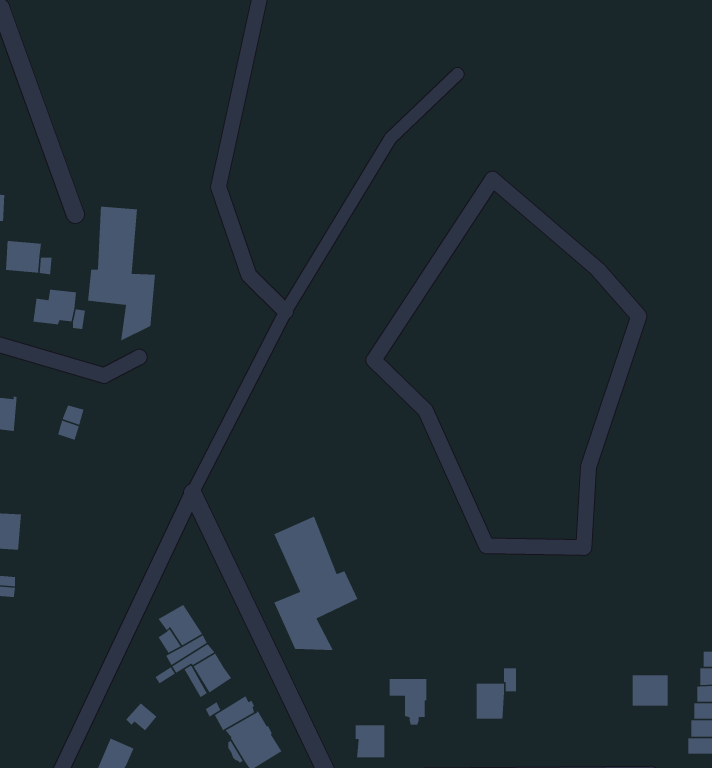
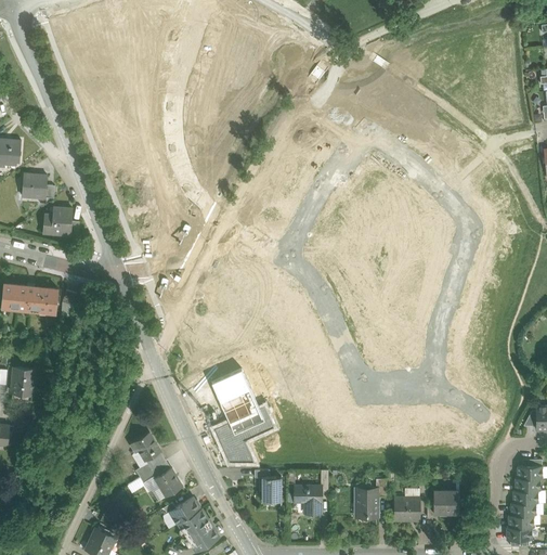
building: [87,206,156,342] -> none
building: none -> [28,285,57,312]
building: [632,675,668,707] -> [433,490,459,513]
building: none -> [394,498,419,520]
building: [355,725,385,758] -> [260,477,282,501]

